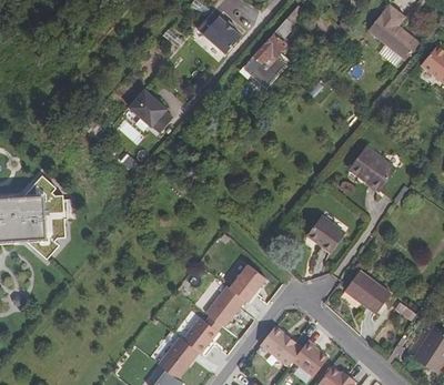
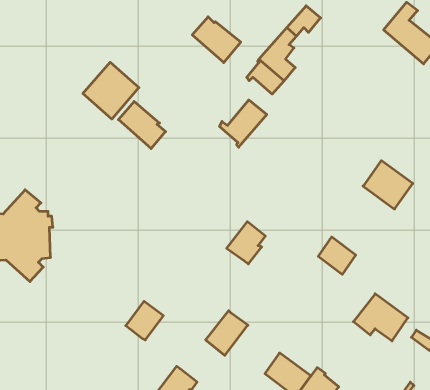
building: none -> [83,62,139,119]
building: none -> [220,100,267,147]
building: [229,263,264,302] -> [227,222,265,264]
building: [182,316,216,352] -> [126,301,163,340]

